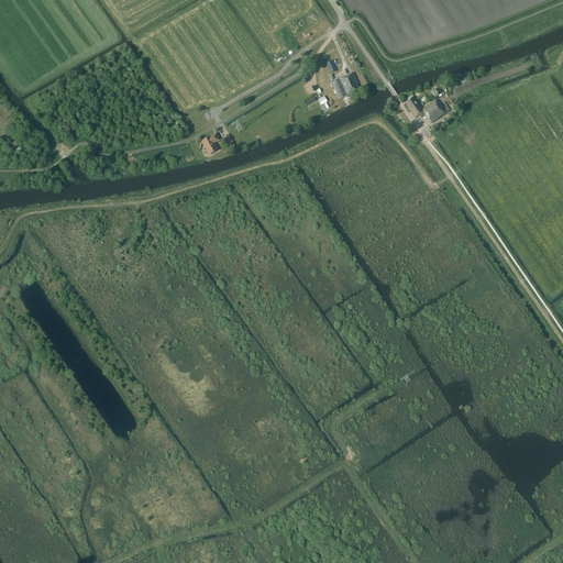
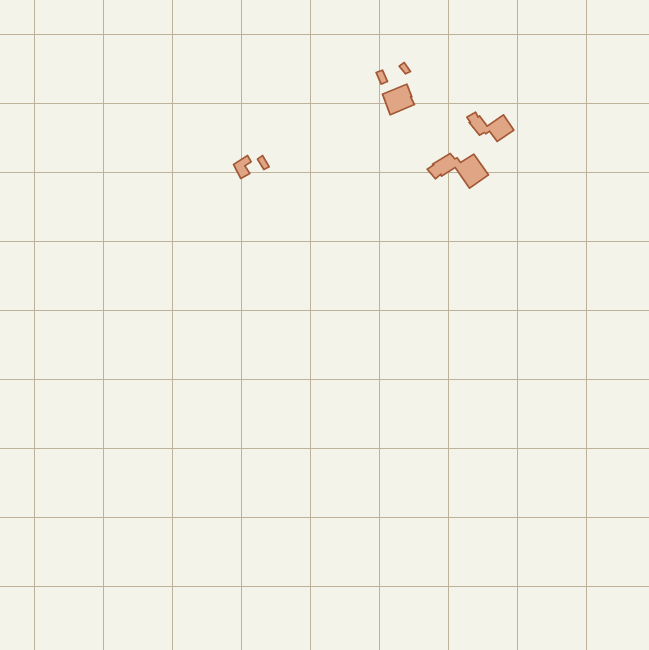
building: none -> [427,154,488,188]

